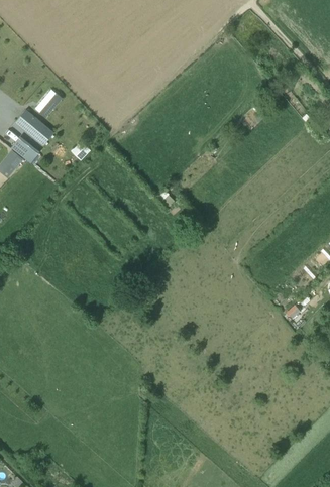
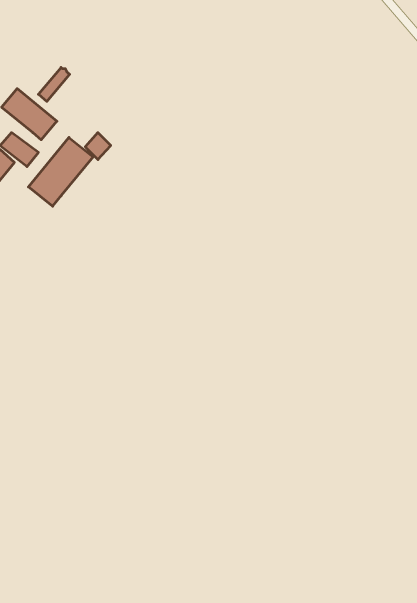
building: none -> [28,137,93,206]

